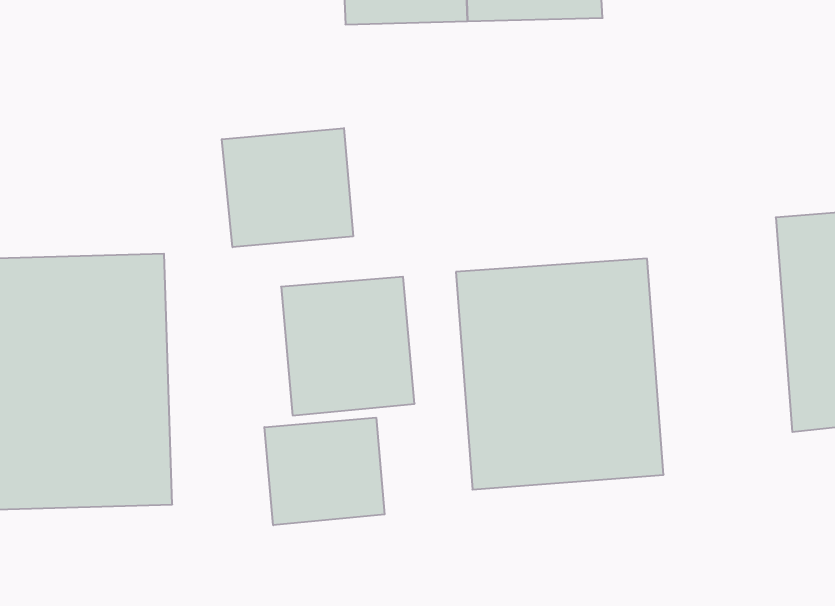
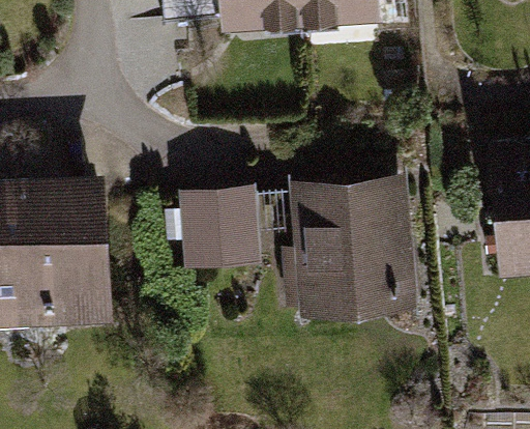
building: [222,128,353,247] -> none
building: [264,418,385,525] -> none

